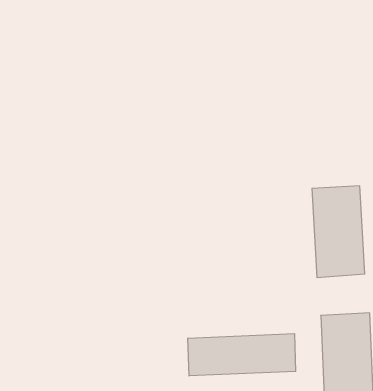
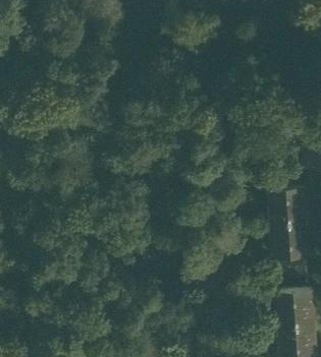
building: [188,334,296,376] -> none

